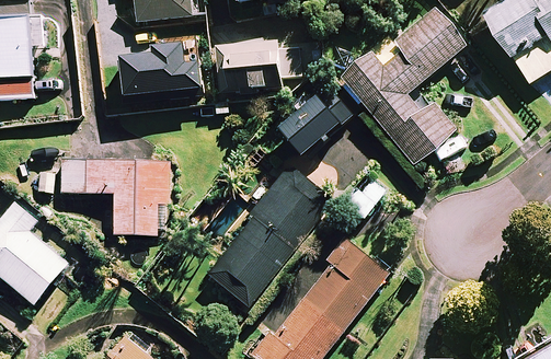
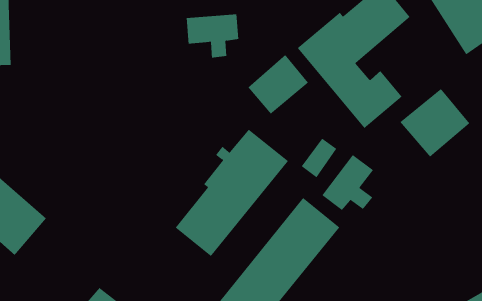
building: [122,47,207,100] -> none
building: none -> [399,88,470,158]
building: [59,158,170,234] -> none
building: none -> [322,154,374,211]

